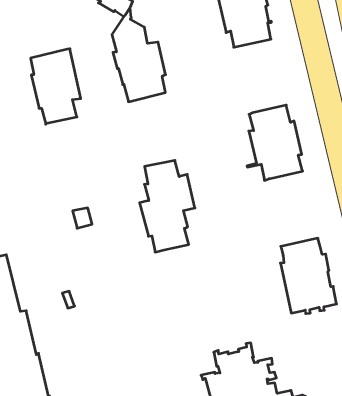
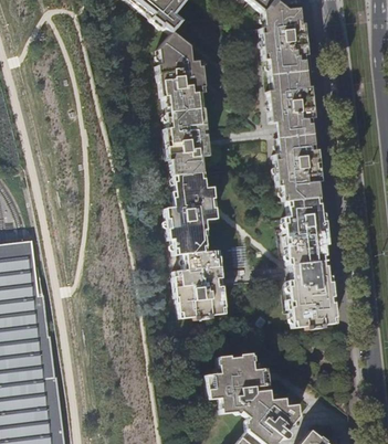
building: none -> [266,71,313,137]
building: [31,49,81,124] -> [164,108,207,176]
building: none -> [272,197,326,264]
building: none -> [171,251,223,320]

